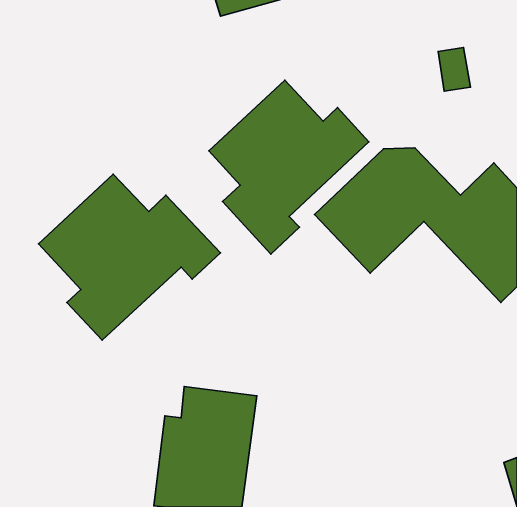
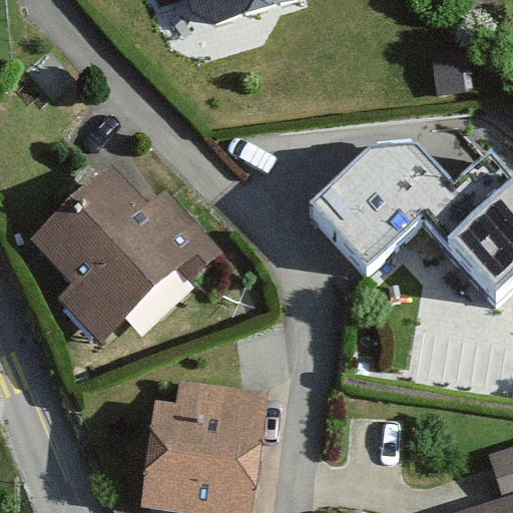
building: [209,80,369,254] -> none

